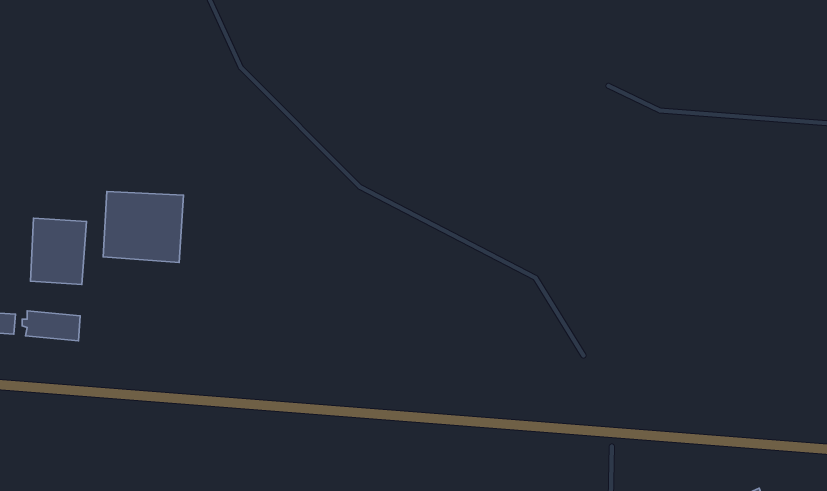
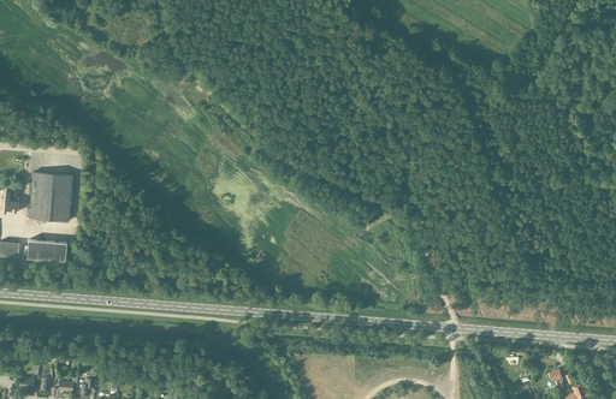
building: [103,192,184,262] -> none

